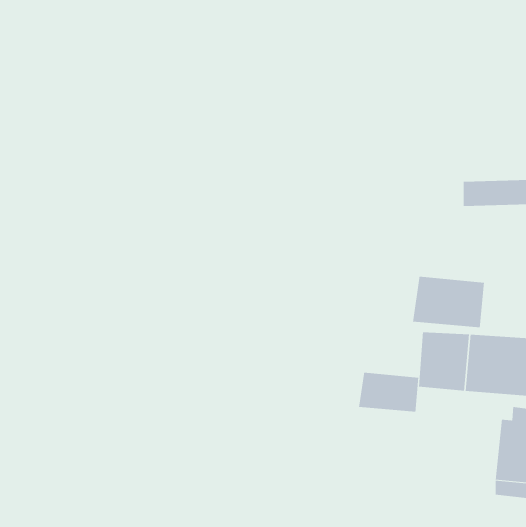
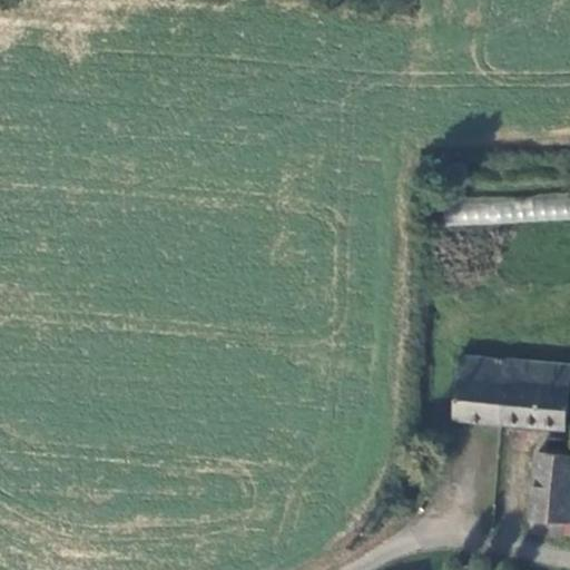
building: [412,276,484,328] -> none
building: [359,372,419,413] -> none

